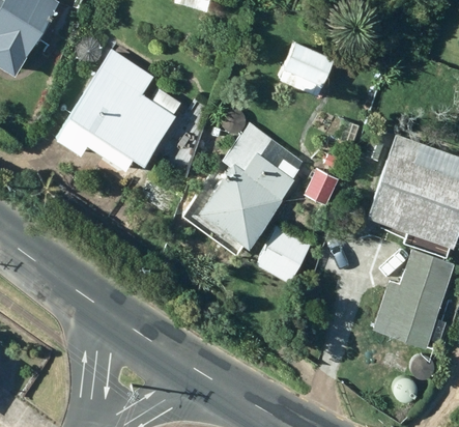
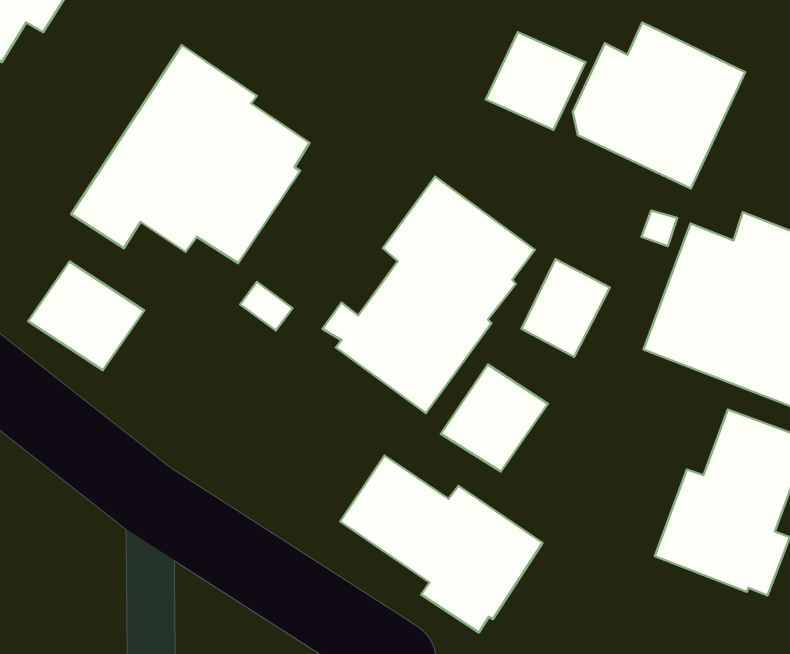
building: none -> [573,23,745,189]
building: none -> [28,261,144,370]
building: none -> [340,456,543,633]

